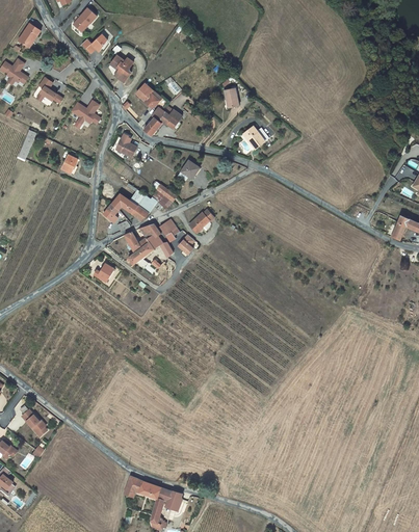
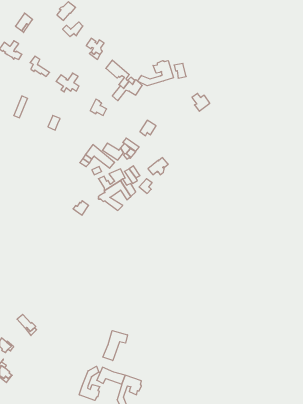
building: none -> [138,61,173,86]
building: none -> [103,331,127,361]
building: none -> [79,366,100,400]

